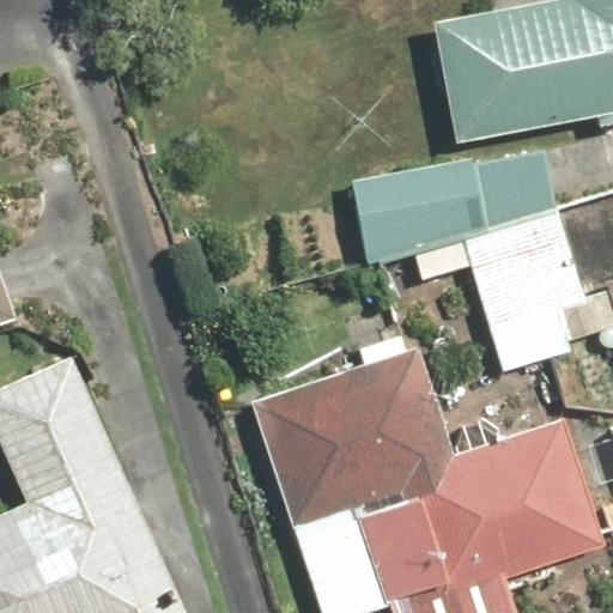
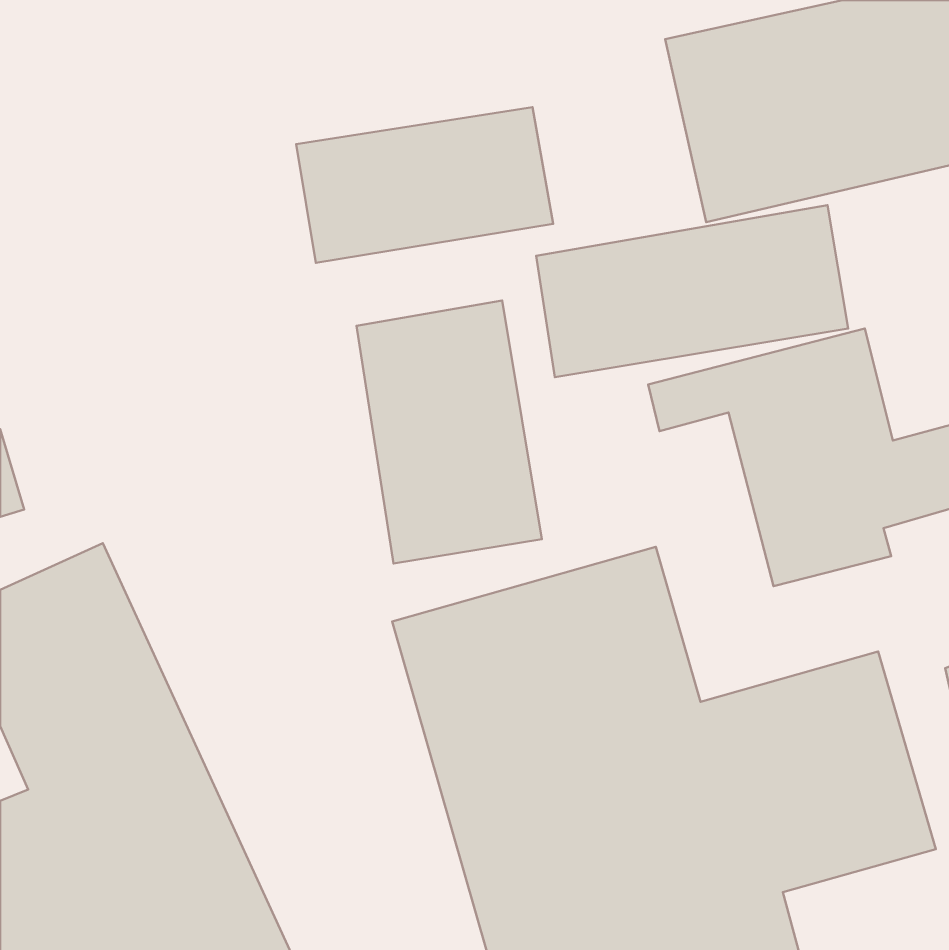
building: none -> [296,107,553,263]
building: none -> [357,300,542,564]

